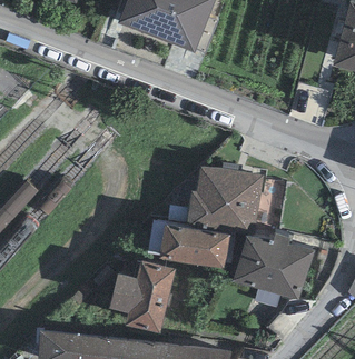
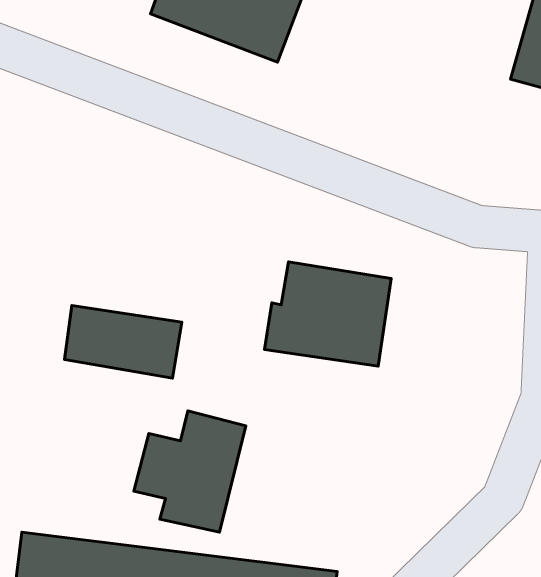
building: [159,221,229,265] -> [64,305,182,378]
building: [231,230,314,296] -> none

